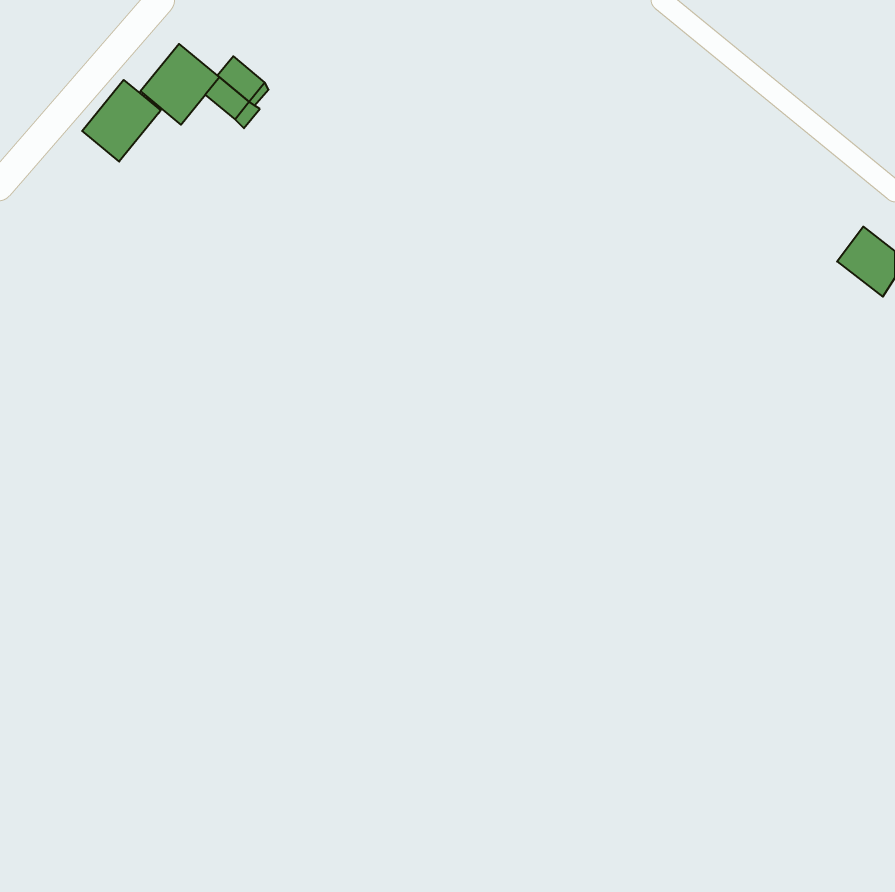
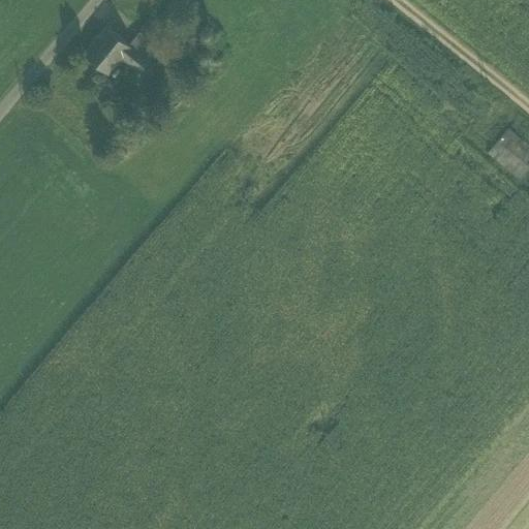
building: [82,80,161,162] -> none

